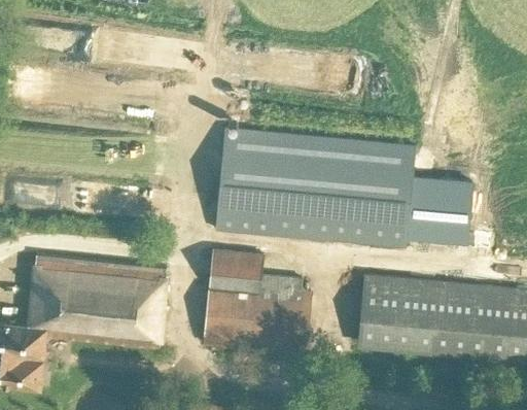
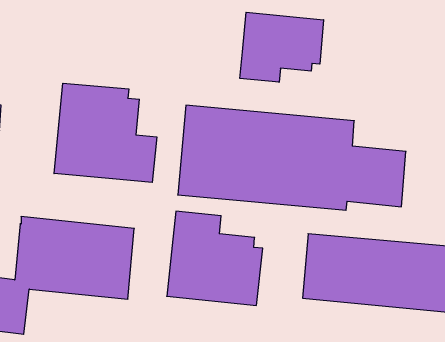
building: none -> [240,12,324,82]
building: none -> [54,83,157,182]

